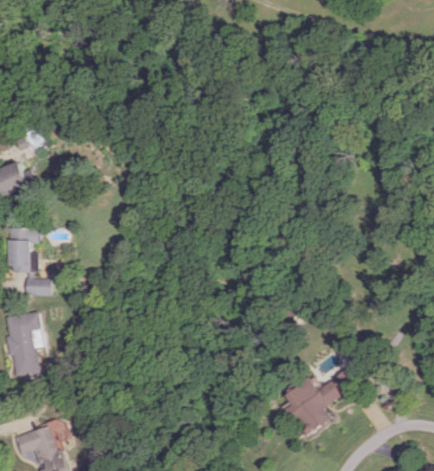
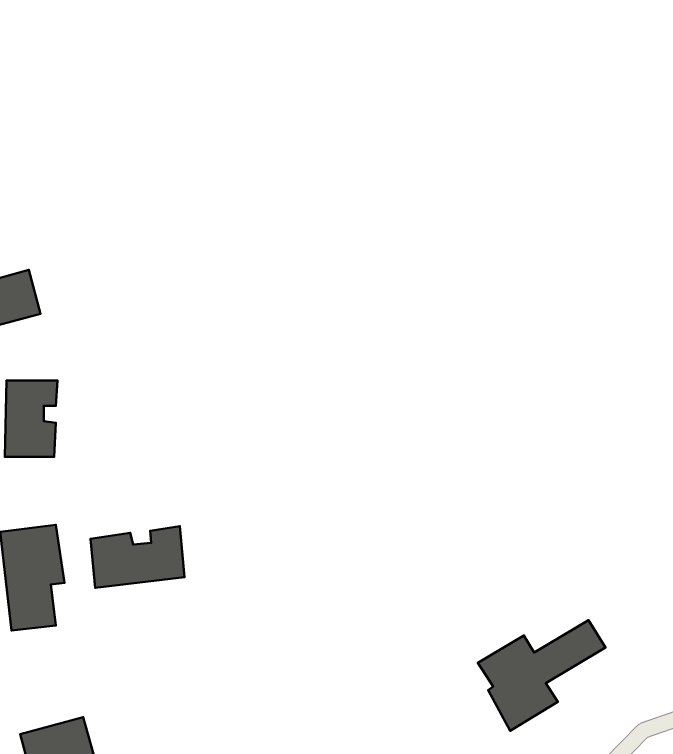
building: [25,277,51,295] -> none
building: none -> [91,526,185,588]

